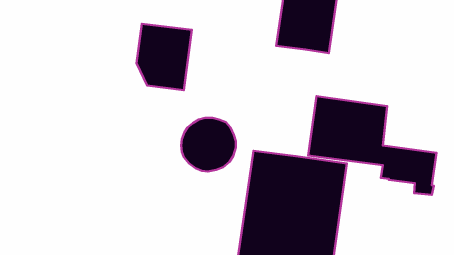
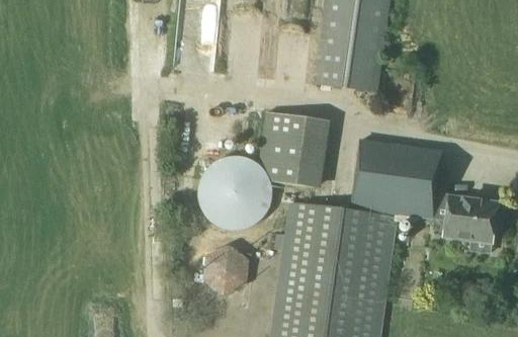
building: [136,24,192,90] -> [261,111,324,186]
building: none -> [203,244,248,293]

